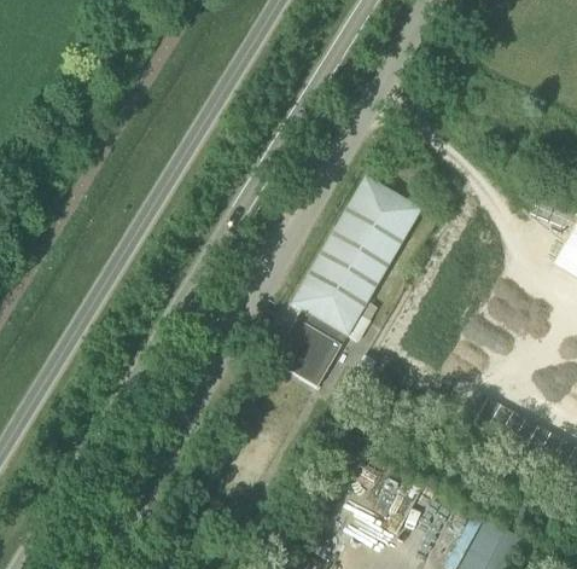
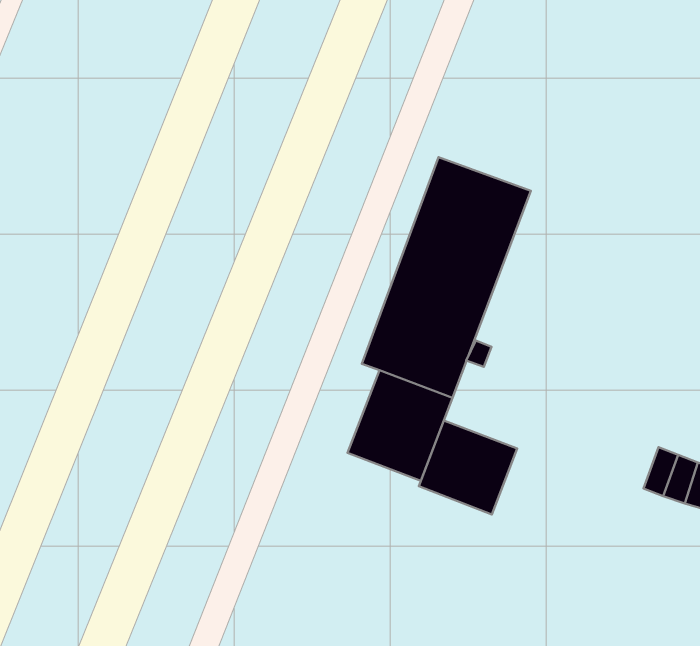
building: none -> [419,420,517,514]

